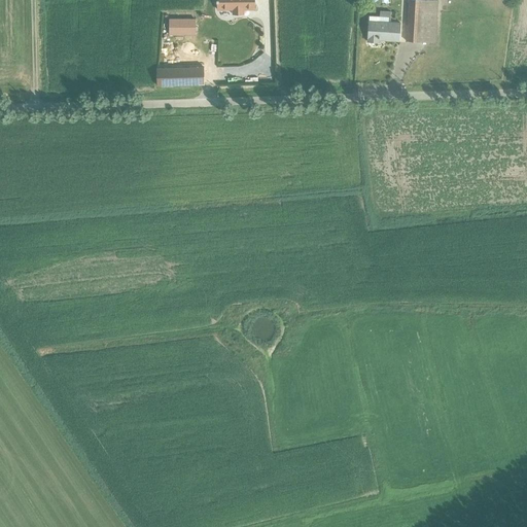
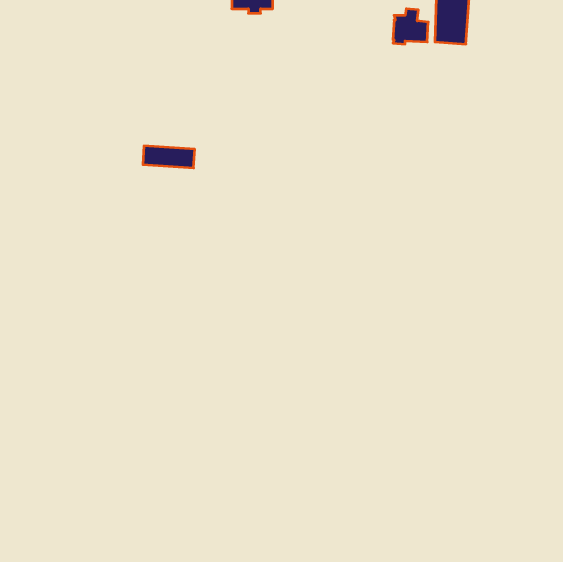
building: [169,16,195,33] -> none
building: [156,62,205,82] -> [143,146,195,168]

